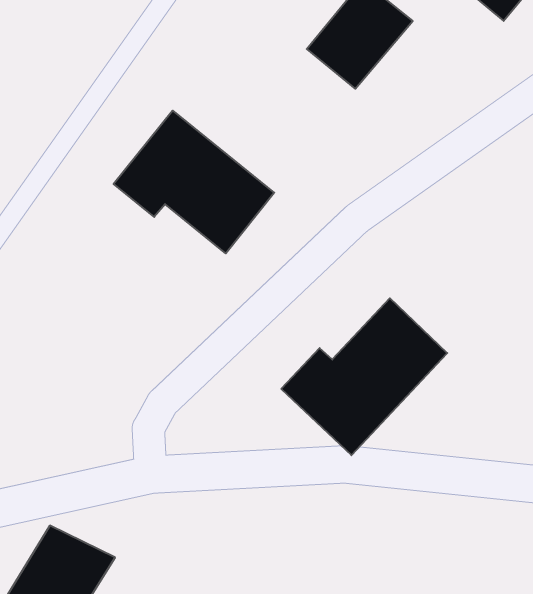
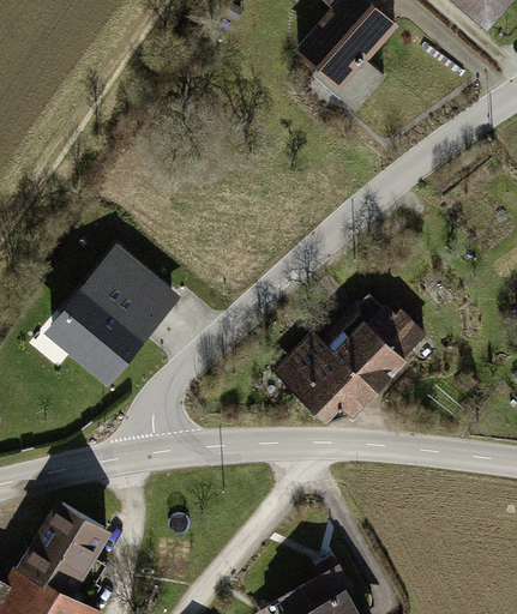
building: [114,111,274,253] -> none
building: none -> [37,235,180,383]

